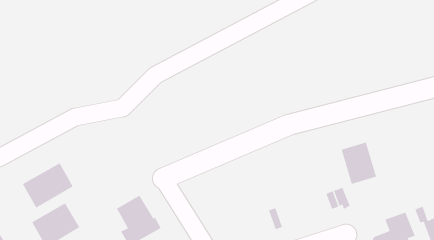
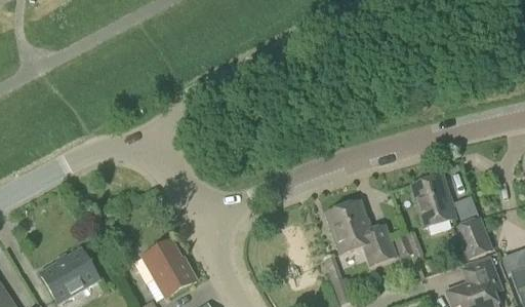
building: [22,162,74,208] -> none
building: none -> [327,200,396,264]
building: none -> [455,218,492,258]

